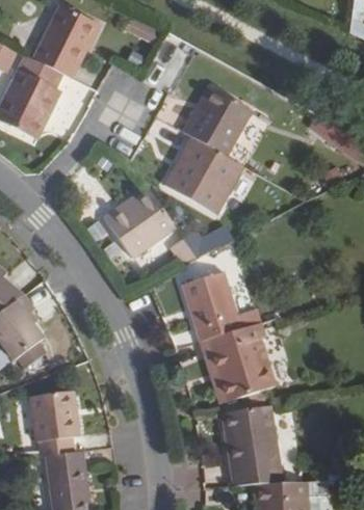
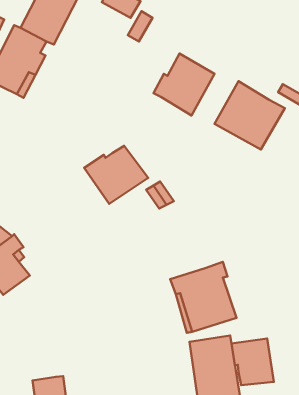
building: [164,137,243,214] -> [215,81,285,149]
building: [185,274,241,343] -> none
building: [31,392,78,458] -> none
building: none -> [232,338,274,385]

